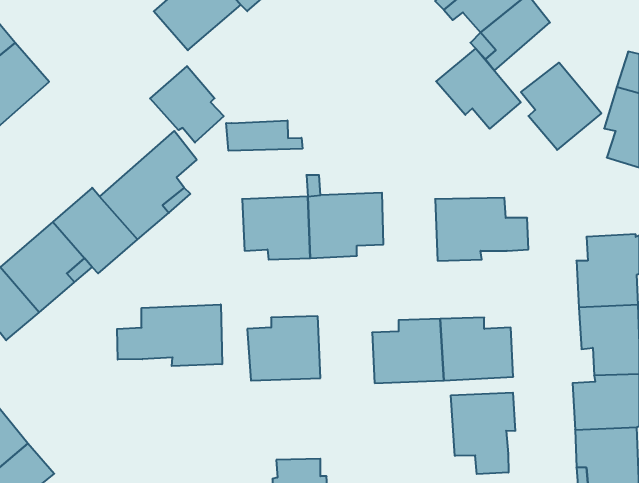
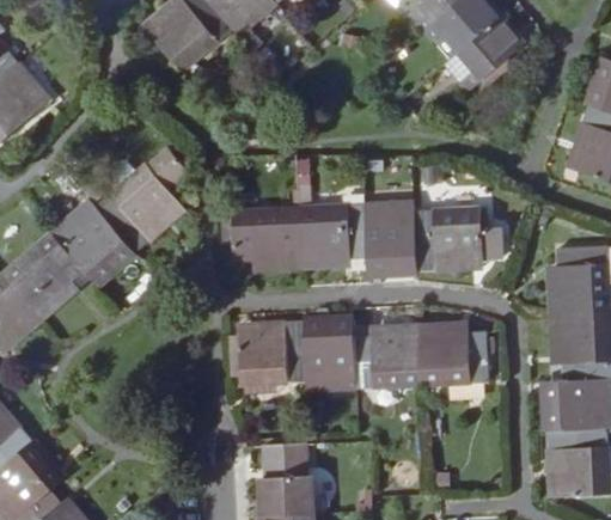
building: [436,49,521,129] -> none
building: [521,63,601,150] -> none
building: [150,66,224,143] -> none
building: [226,120,302,151] -> none
building: none -> [365,204,417,271]
building: [117,304,222,366] -> none
building: none -> [304,322,358,390]
building: [451,393,515,474] -> none

